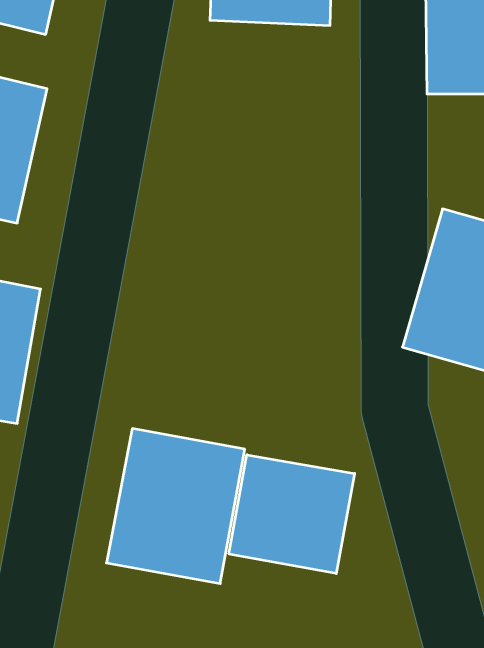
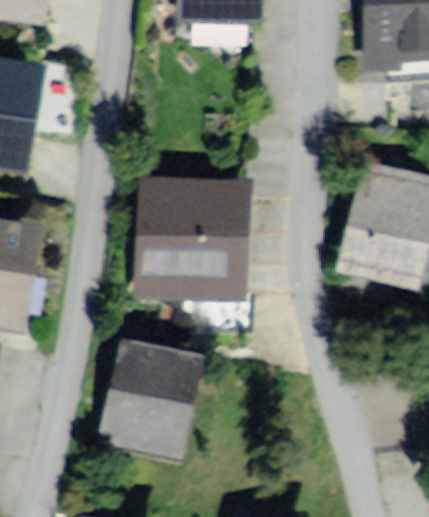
building: none -> [133,171,256,305]
building: [229,455,355,574] -> none

